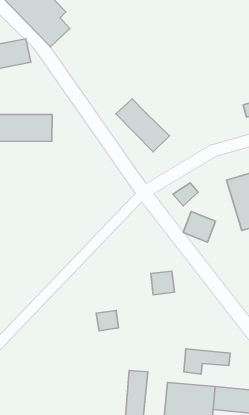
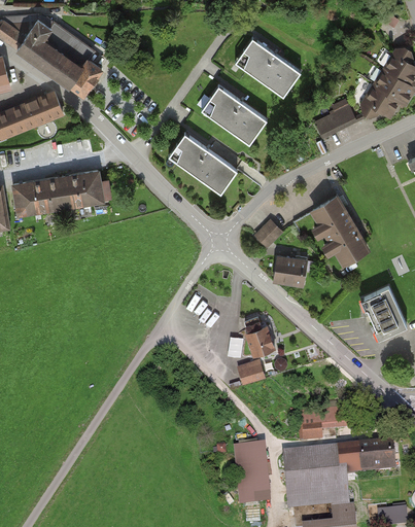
building: none -> [236,40,300,97]
building: none -> [201,87,267,146]
building: [96,310,119,331] -> [236,358,265,385]

